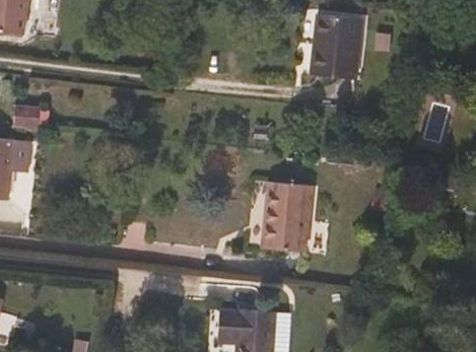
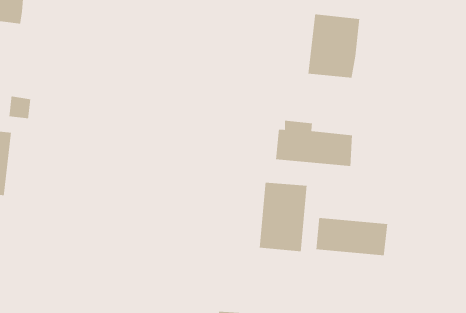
building: none -> [275,120,353,167]
building: none -> [316,217,388,256]

